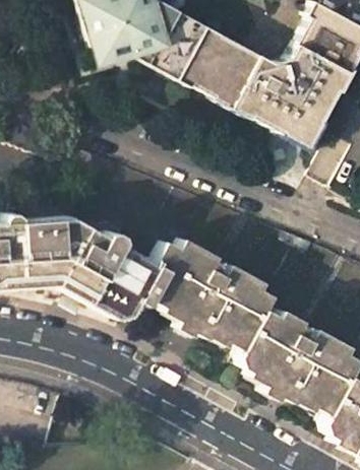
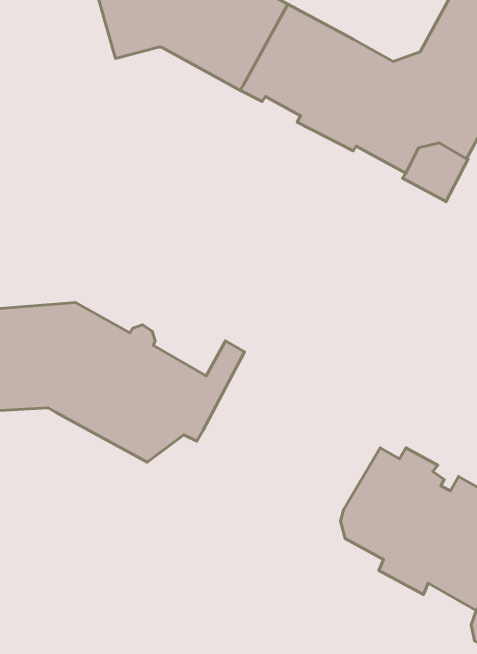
building: [155,240,275,349] -> none

